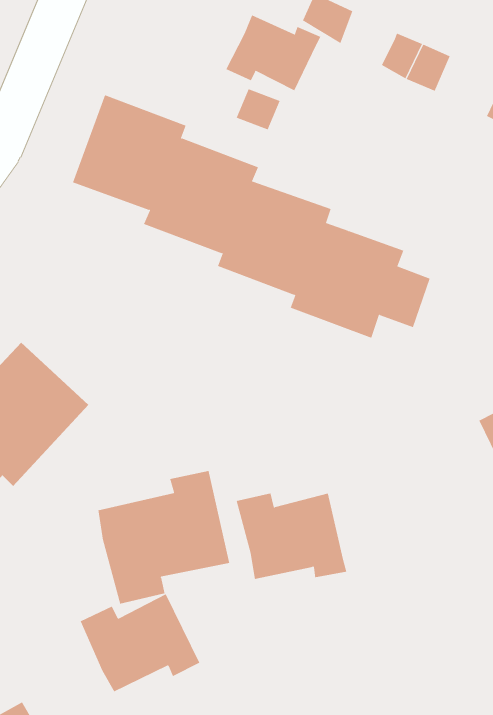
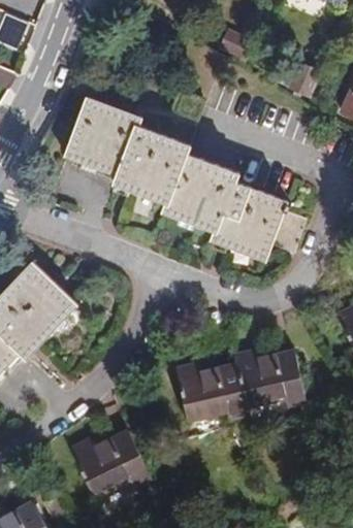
building: [225,15,321,91] -> none
building: [98,470,230,605] -> none
building: none -> [234,350,307,407]

